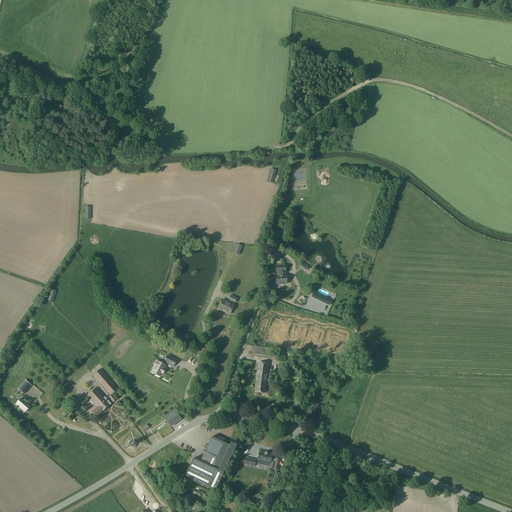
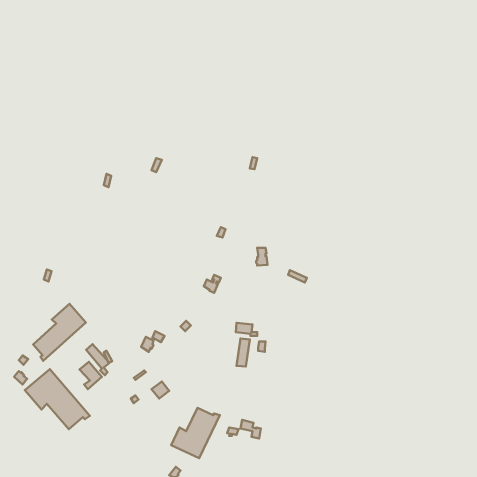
building: none -> [33,304,86,361]
building: none -> [25,369,90,429]

